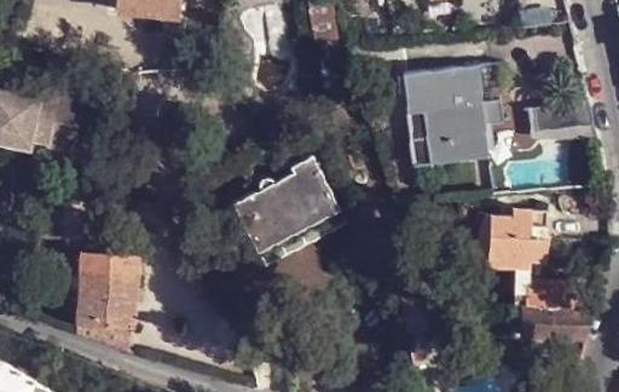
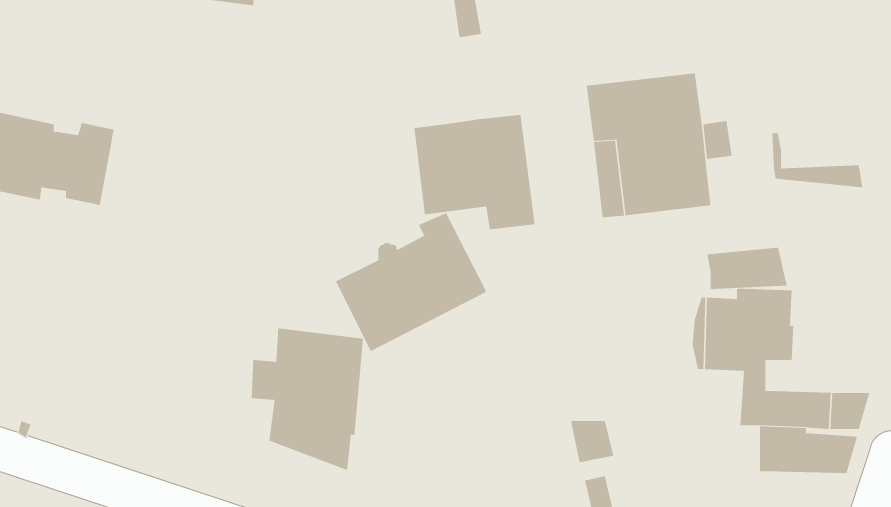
building: none -> [414,114,535,230]
building: [537,99,592,128] -> [706,247,788,289]
building: [60,253,138,351] -> [251,328,364,471]

